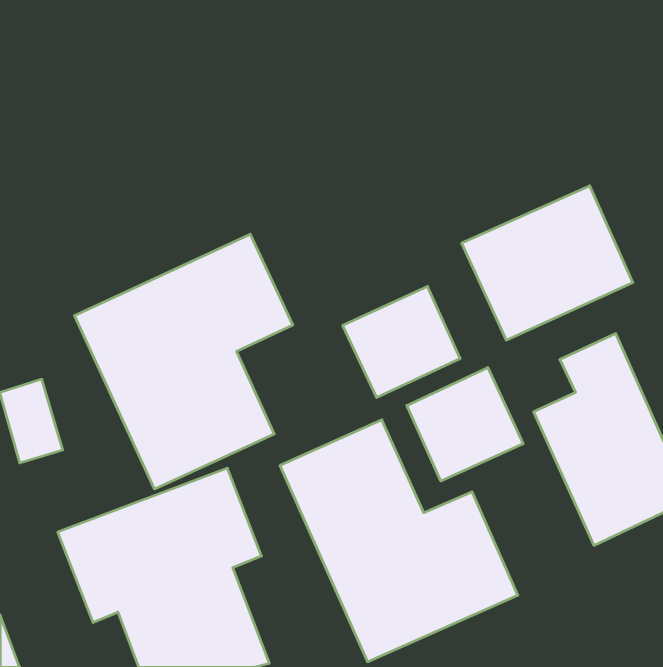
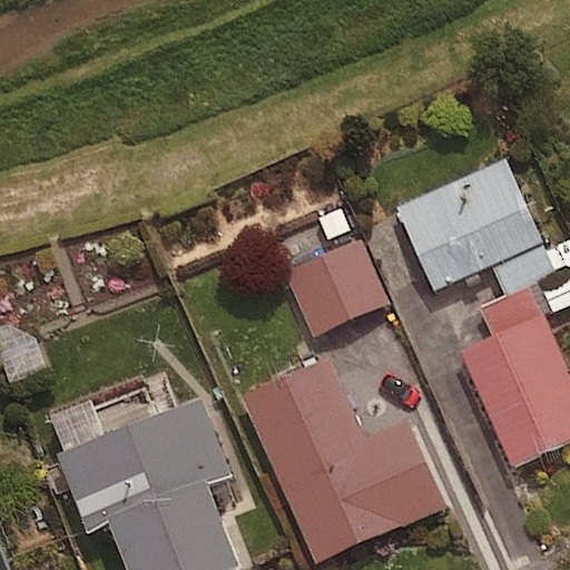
building: [74,234,293,489] -> none
building: [407,367,523,481] -> none

